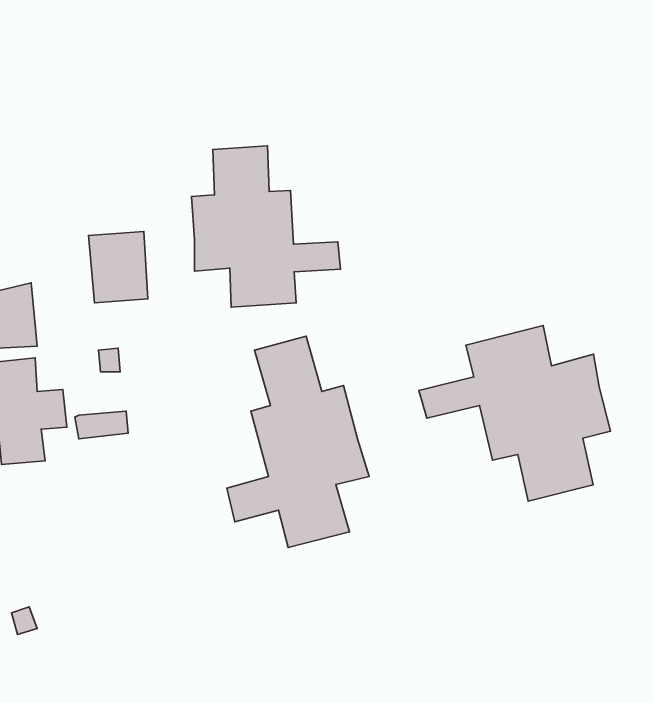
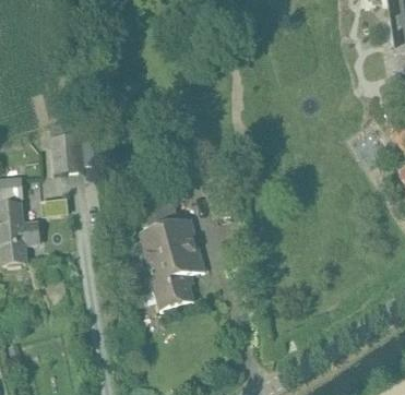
building: [191,146,340,307] -> none
building: [419,325,611,501] -> none

